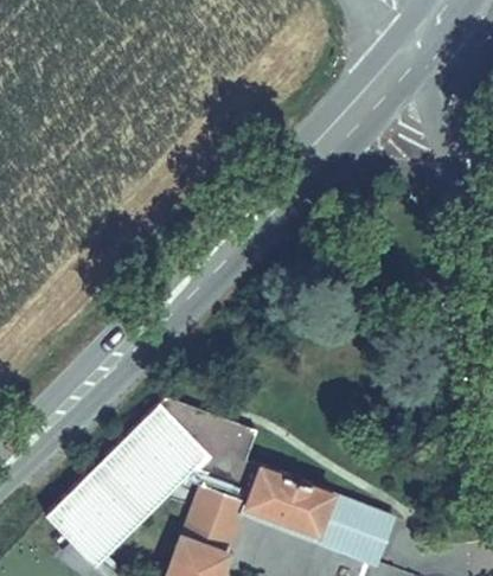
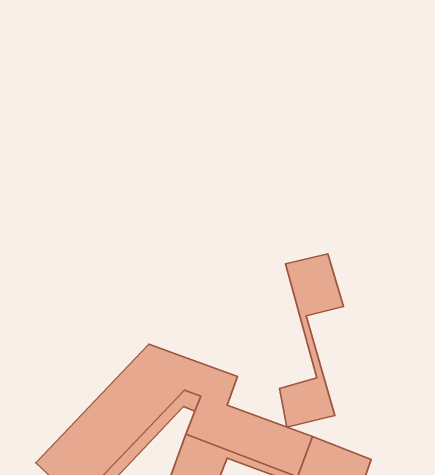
building: none -> [279,254,343,427]

